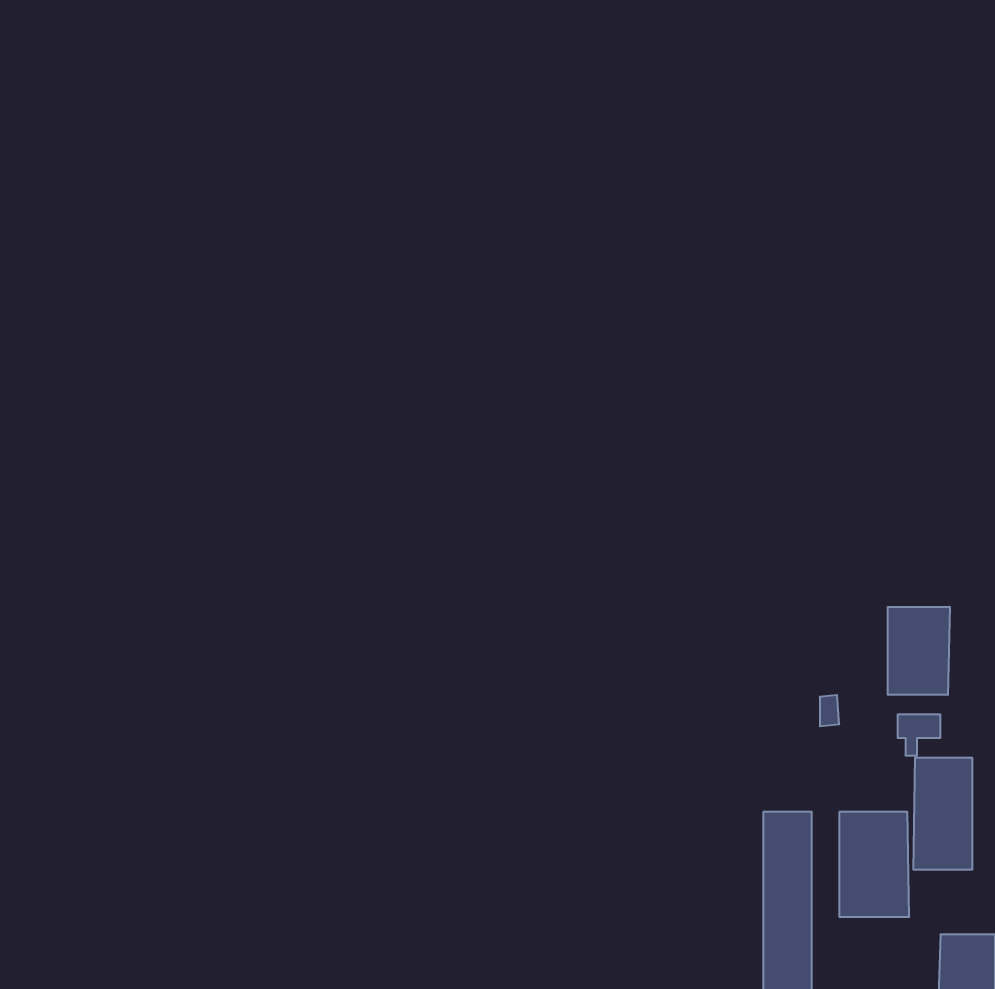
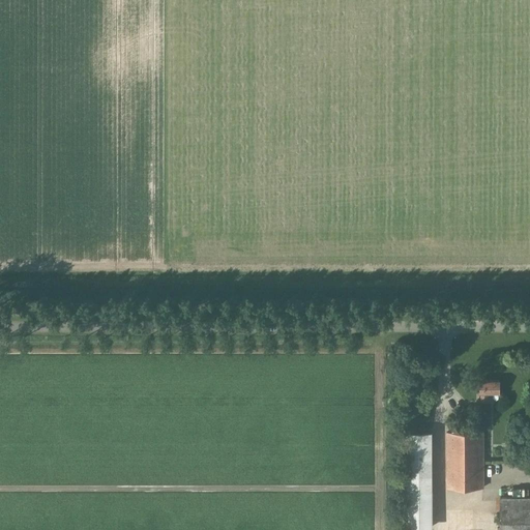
building: [888,607,950,695] -> none
building: [913,758,972,870] -> none

